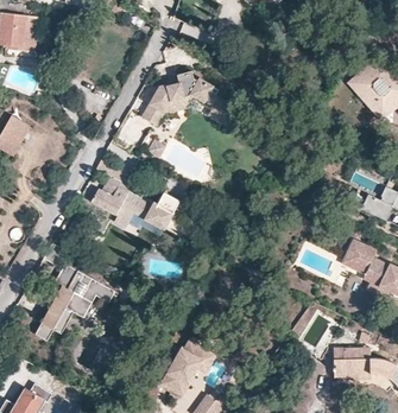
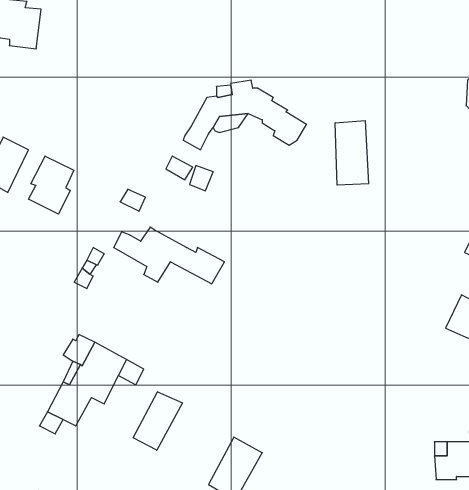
building: none -> [335,121,369,185]
building: none -> [29,156,74,214]
building: none -> [133,392,182,450]

